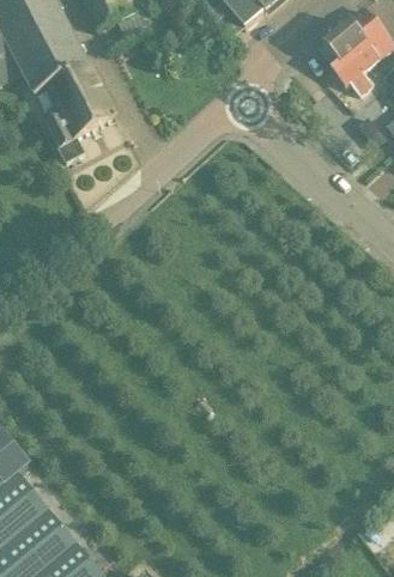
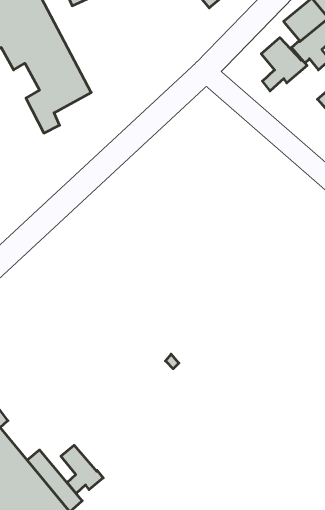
building: none -> [261,38,307,91]
building: none -> [61,445,103,493]

